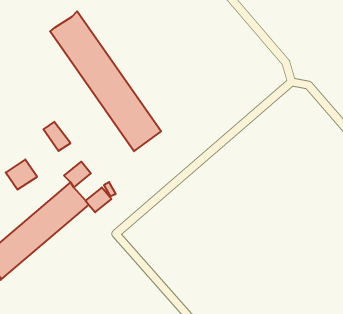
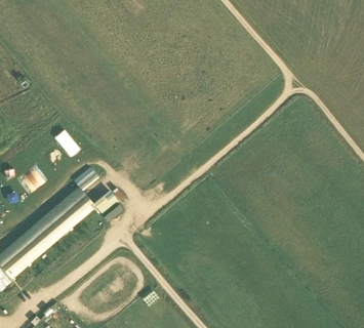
building: [50,11,161,151] -> none

